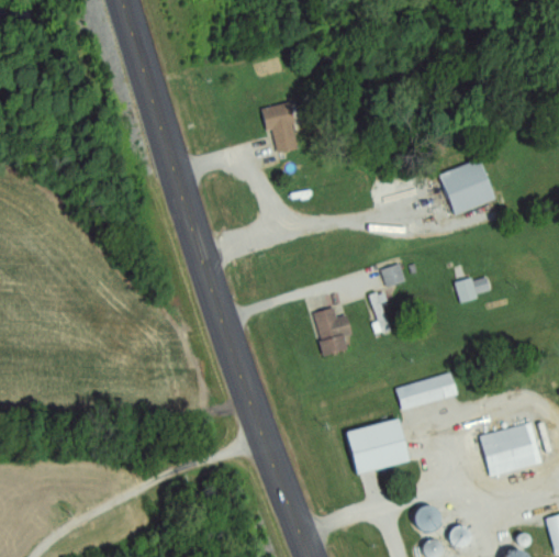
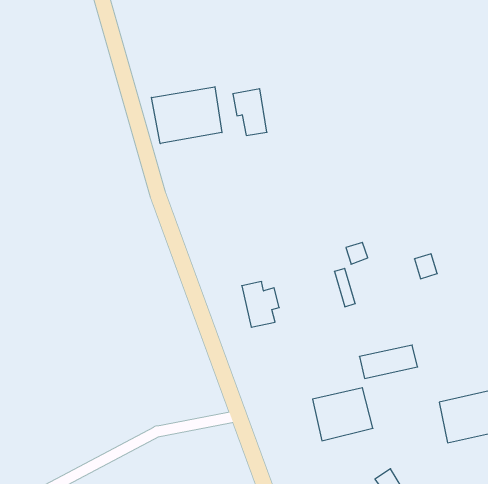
building: none -> [151,87,222,144]
building: [439,159,494,214] -> none
building: [313,308,353,356] -> [242,282,279,327]

